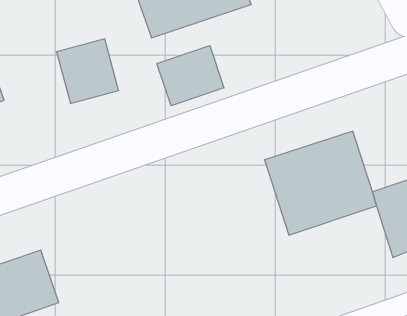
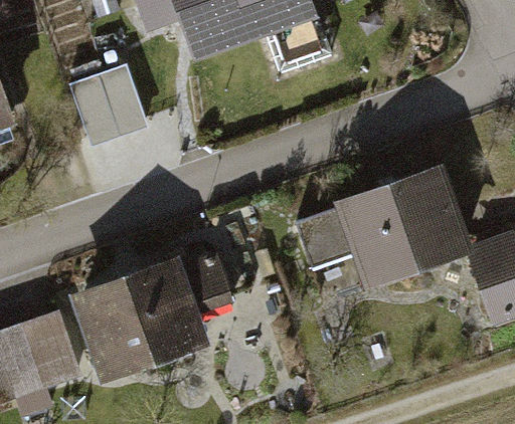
building: [157,46,224,106] -> none
building: none -> [71,257,202,382]

